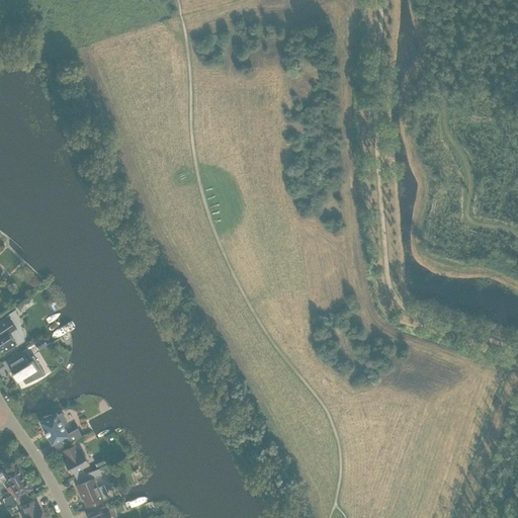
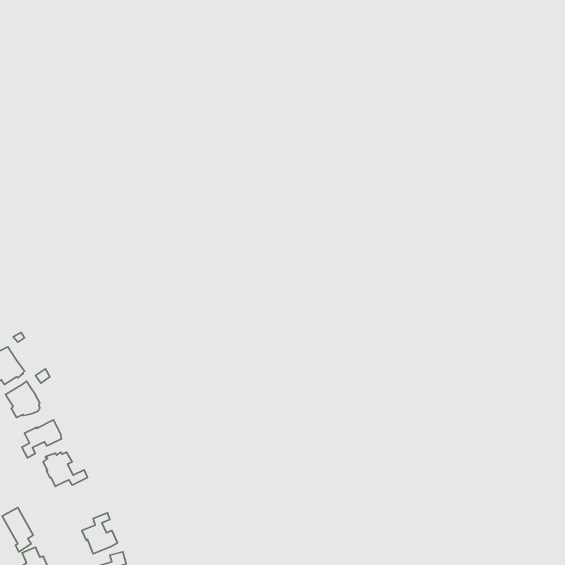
building: none -> [22,420,62,458]
building: [63,445,88,479] -> none

